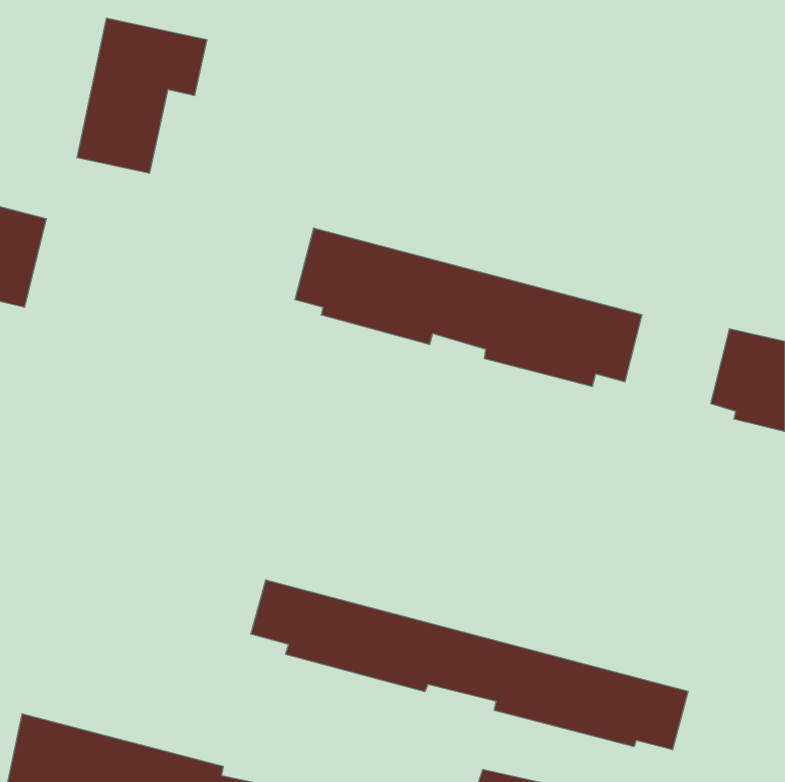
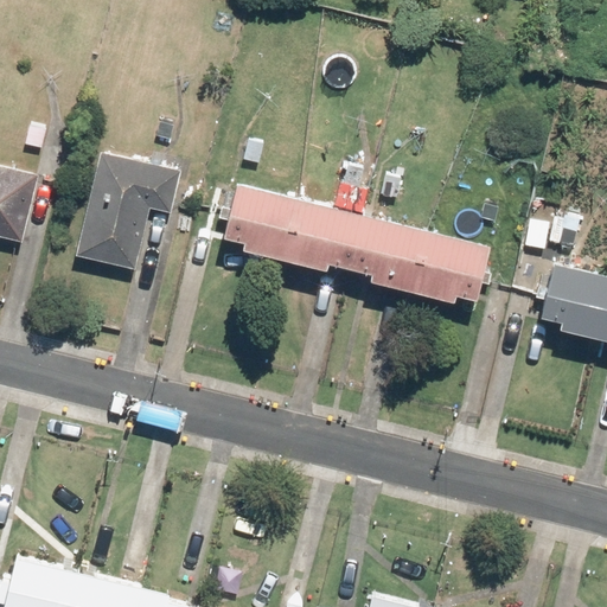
building: [77,18,207,173] -> [76,155,175,274]
building: [251,580,688,750] -> none

